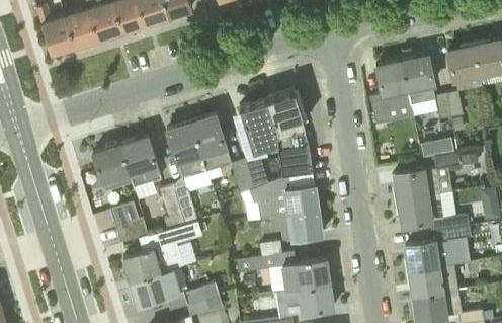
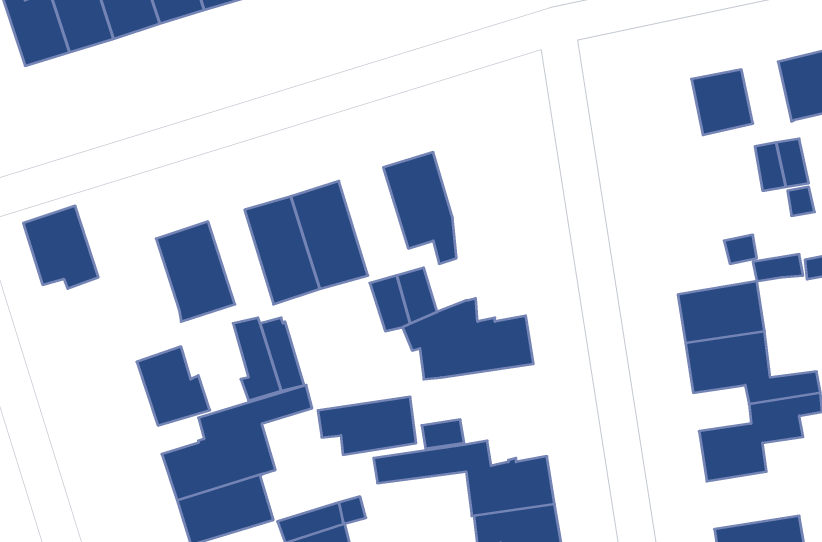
building: [369,62,410,124] -> none
building: [265,91,312,178] -> none
building: [92,146,132,189] -> [23,206,98,289]
building: [269,212,321,242] -> [318,397,416,455]
building: [409,266,457,299] -> none

